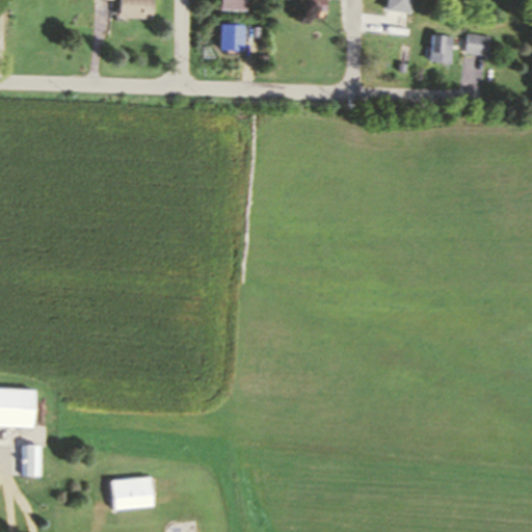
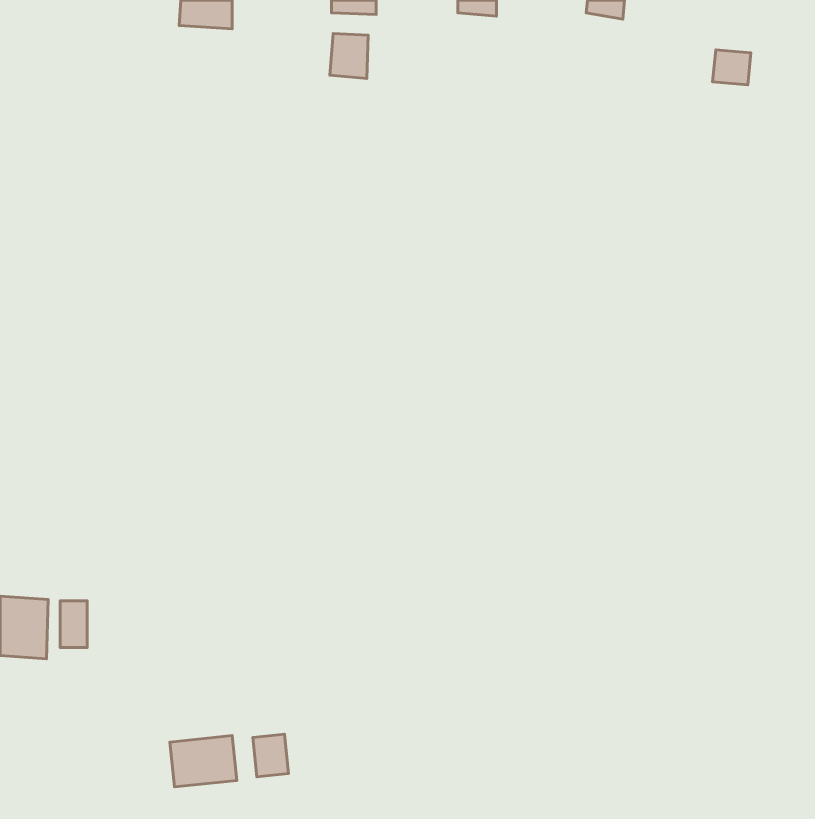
building: [427,32,454,61] -> none
building: [24,445,42,475] -> [60,601,87,647]
building: none -> [253,734,289,777]

